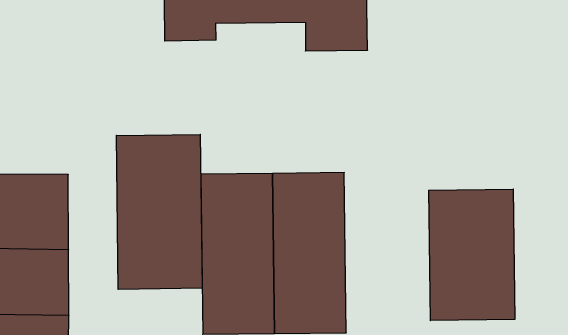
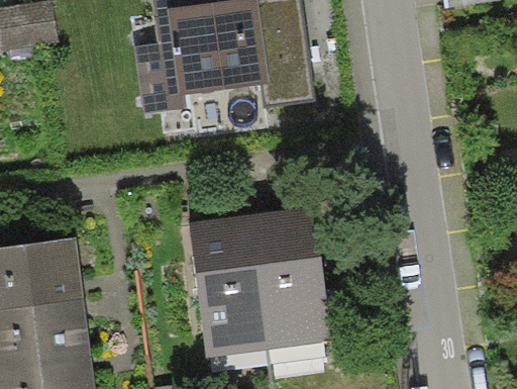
building: [116,134,202,289] -> none
building: [429,189,515,321] -> none

